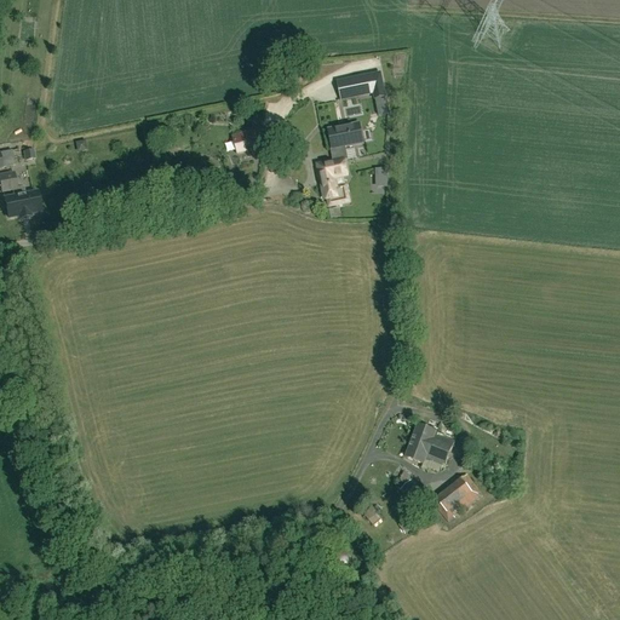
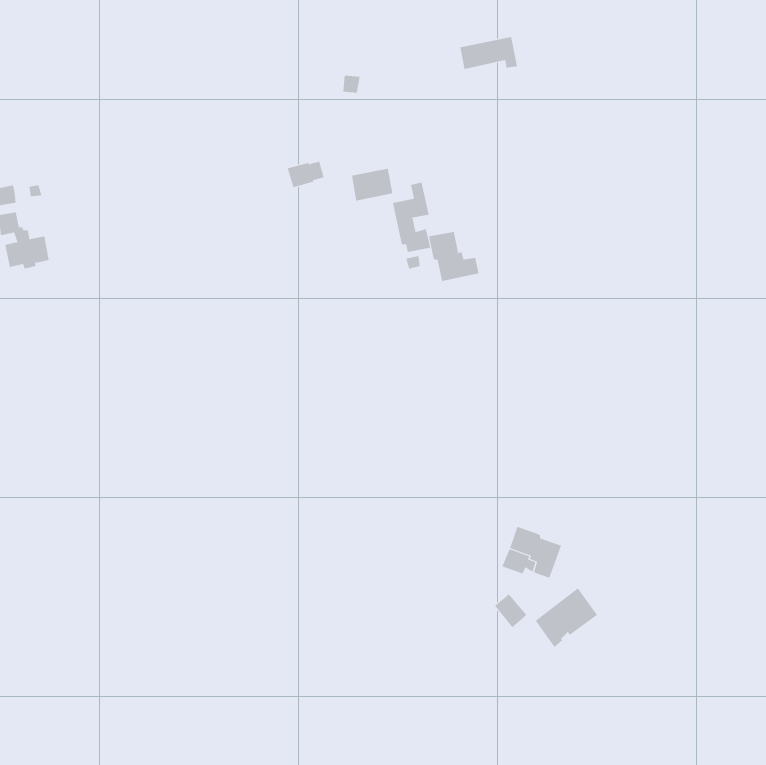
building: [337,71,384,98] -> [459,37,518,70]
building: [327,121,361,148] -> [351,168,393,201]
building: none -> [429,231,479,282]

